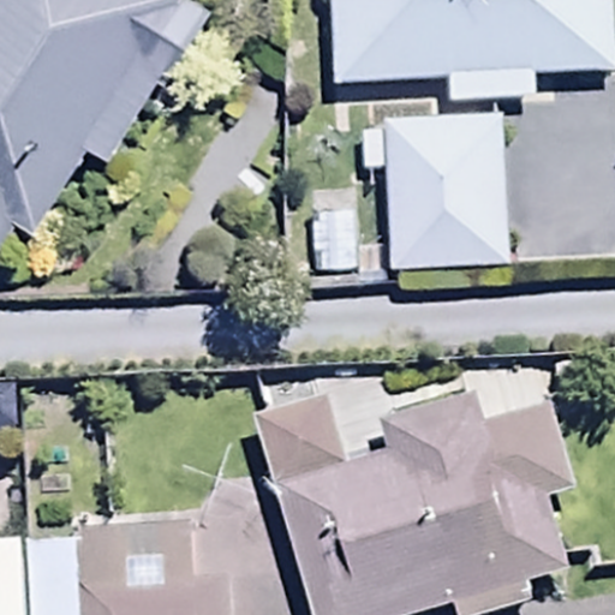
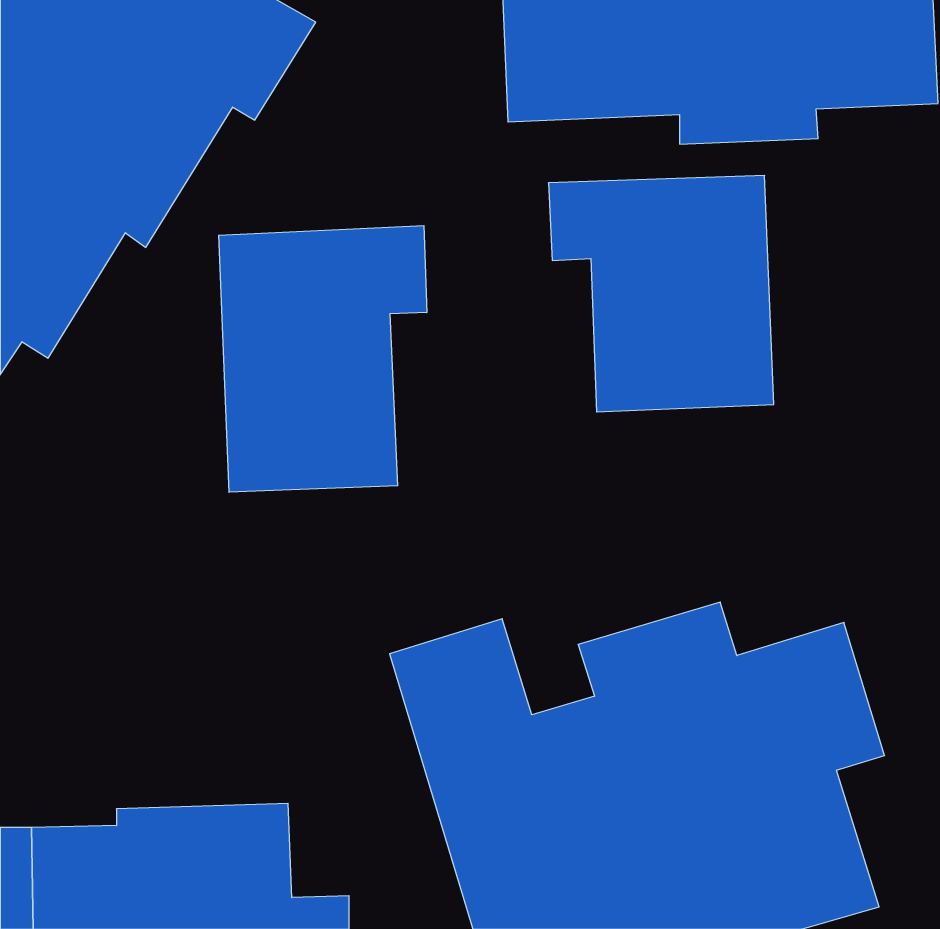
building: none -> [219,226,427,492]

